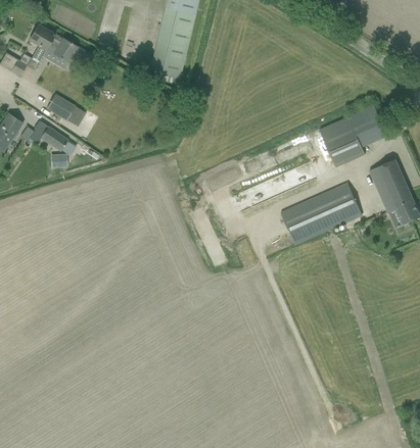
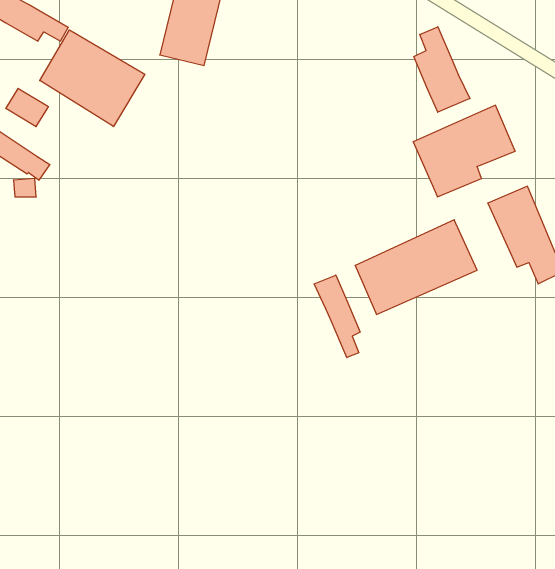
building: none -> [414,27,470,112]
building: none -> [40,30,145,127]
building: none -> [314,275,360,358]

